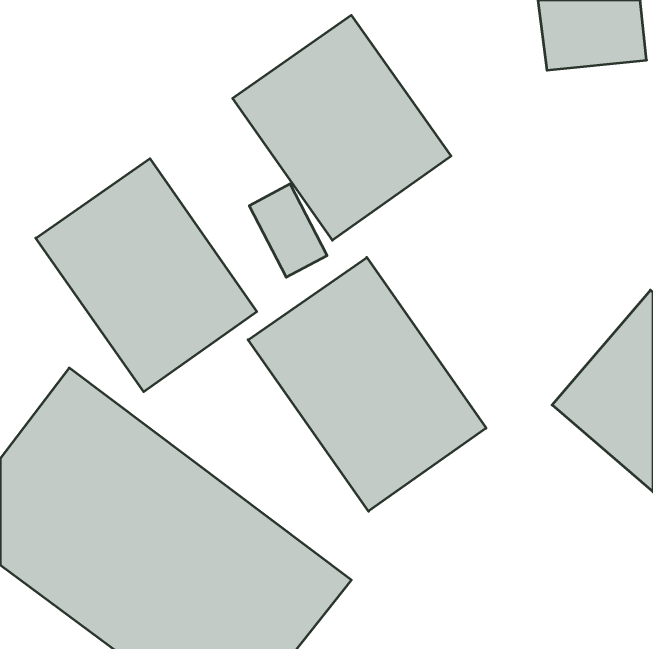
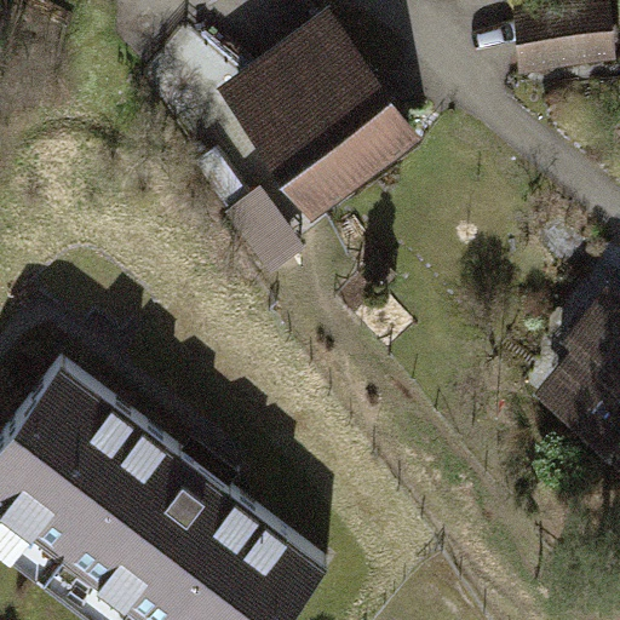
building: [36,159,257,392] -> none
building: [248,257,486,511] -> none

